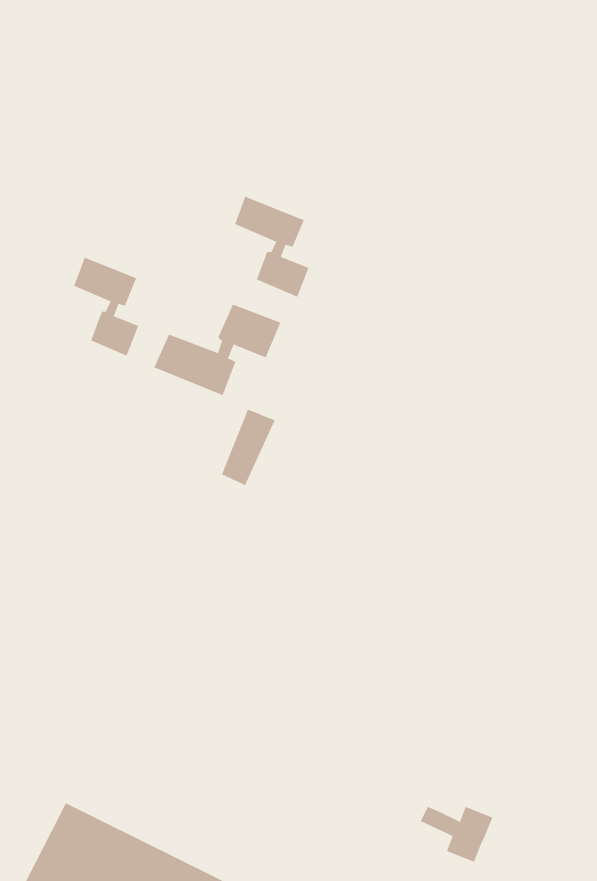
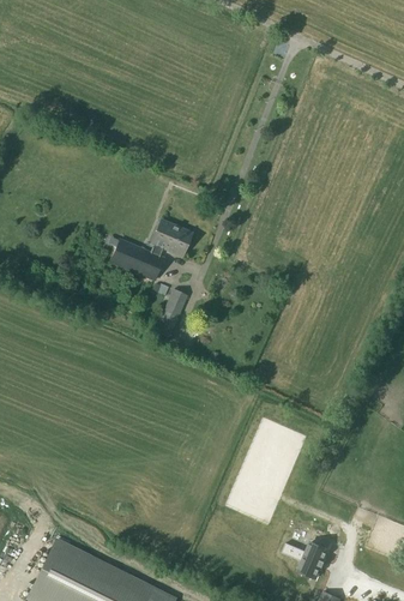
building: [234,196,309,297] -> none
building: [74,257,139,356] -> none

